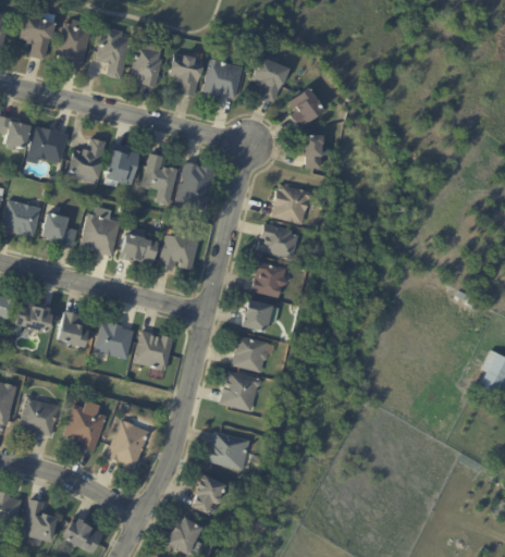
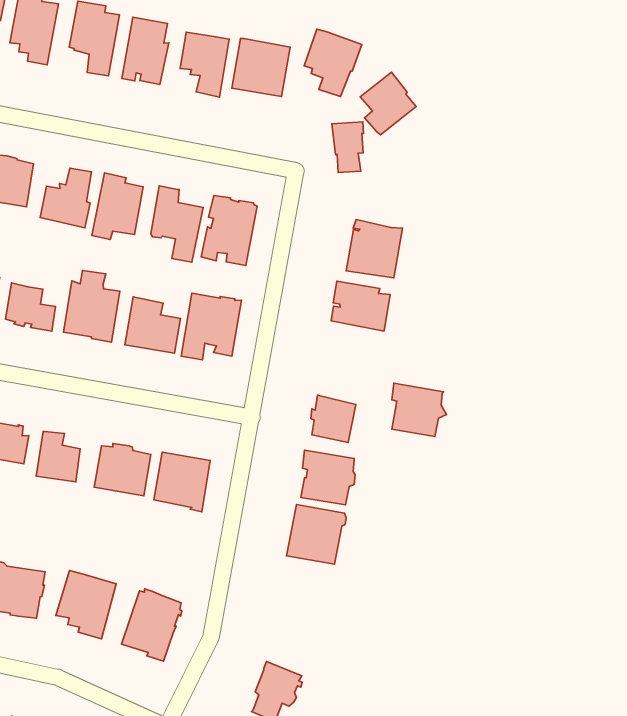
building: [305,134,325,166] -> [332,122,364,172]
building: [251,260,288,297] -> [392,383,447,436]
building: [206,431,250,469] -> none

